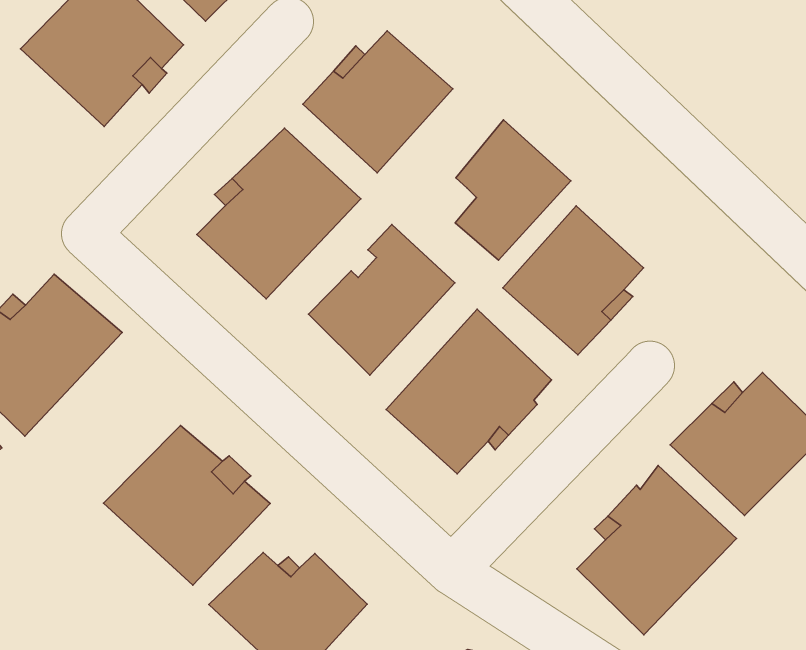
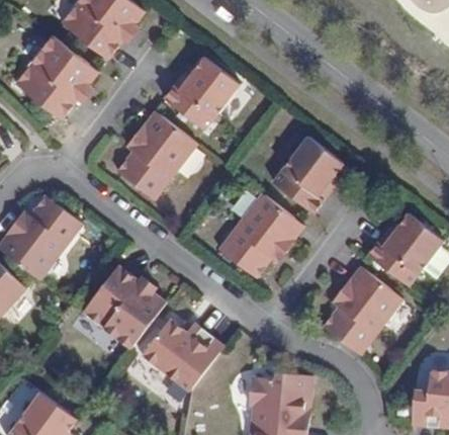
building: [455,120,571,260] -> none
building: [309,224,455,375] -> none

